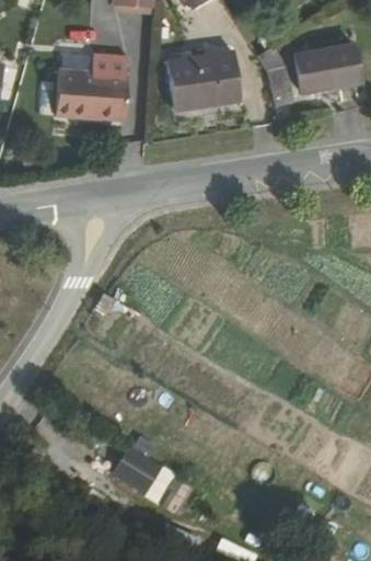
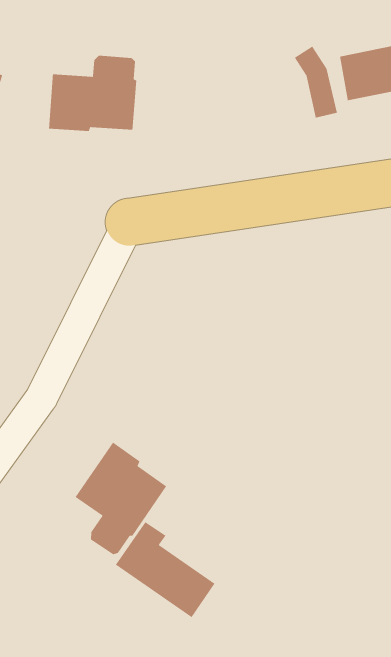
building: [166,50,241,110] -> none
building: none -> [74,441,167,555]

